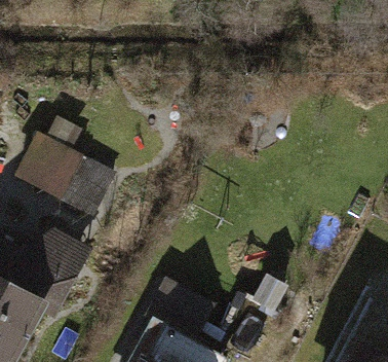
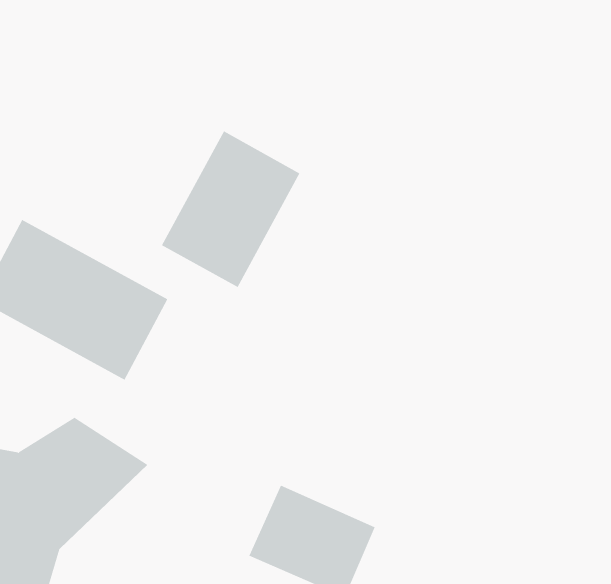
building: none -> [161,131,300,288]

